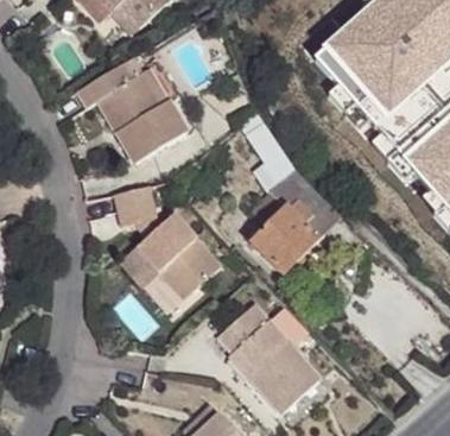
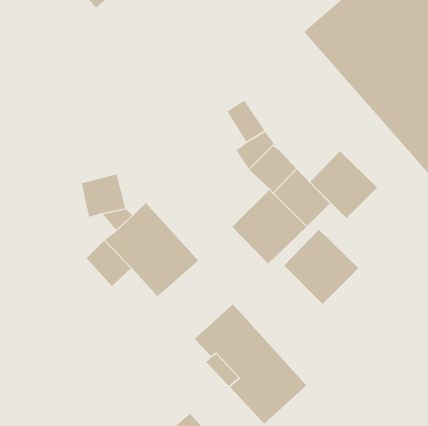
building: [78,63,186,160] -> none
building: none -> [310,150,378,219]
building: none -> [283,229,359,305]

